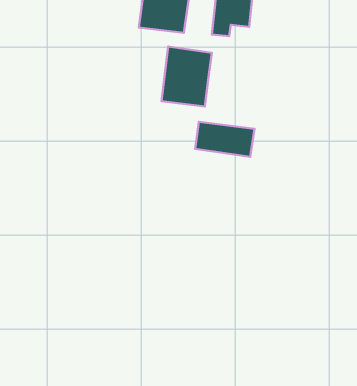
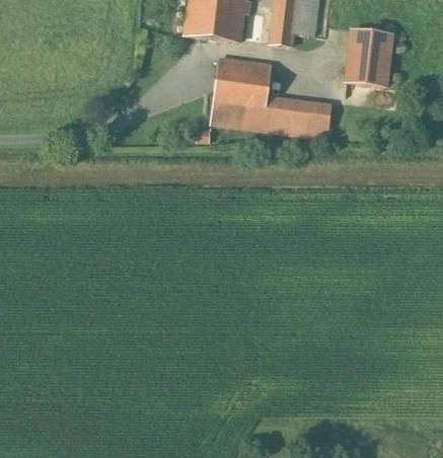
building: none -> [346,28,392,85]
building: [195,122,254,157] -> [263,96,331,137]

